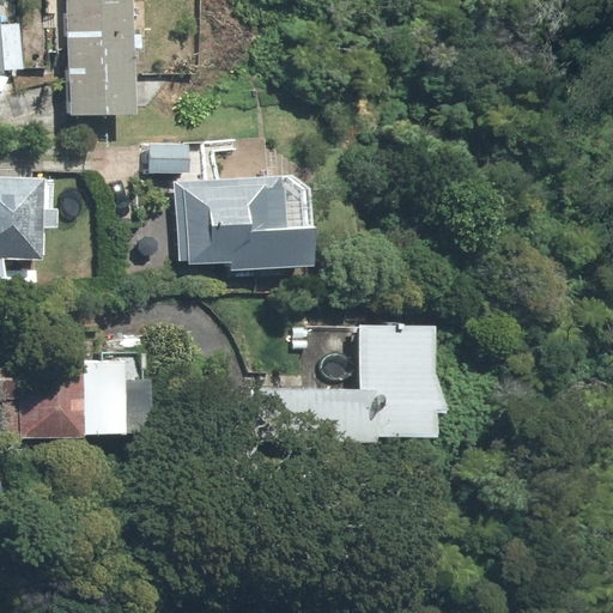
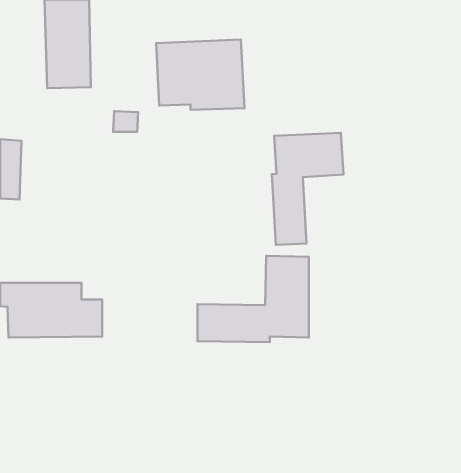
building: none -> [272,133,343,245]
building: [189,178,303,269] -> [156,40,244,110]

